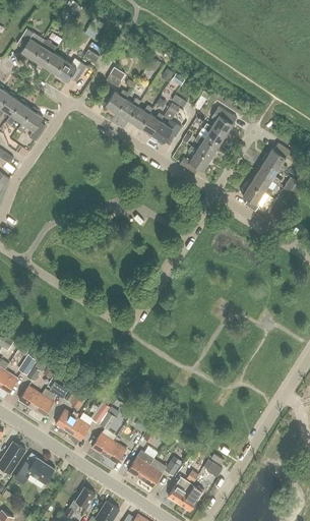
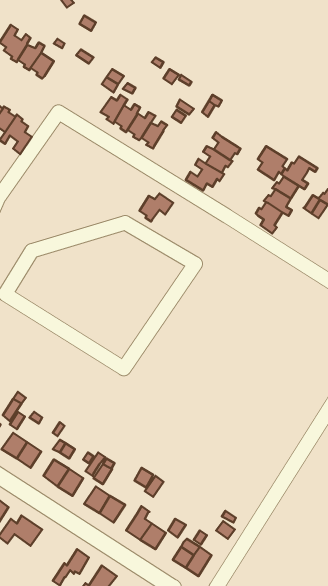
building: [56,58,85,82] -> none
building: [210,106,236,135] -> [258,146,287,180]
building: [151,119,181,143] -> [140,193,173,221]

